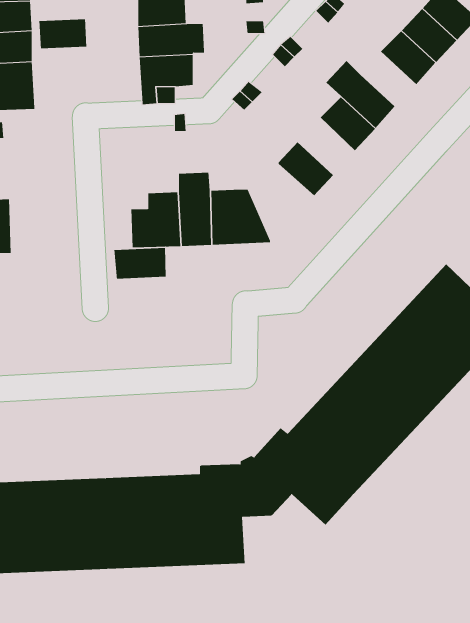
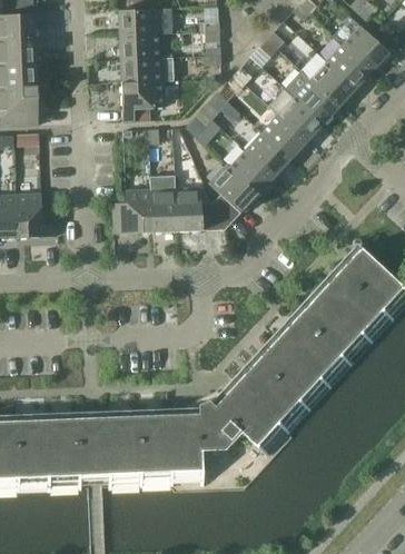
building: [39,19,87,49] -> none
building: none -> [285,68,340,121]
building: none -> [246,130,292,176]
building: none -> [210,164,259,228]
building: none -> [18,194,57,238]
building: [114,247,166,279] -> none

